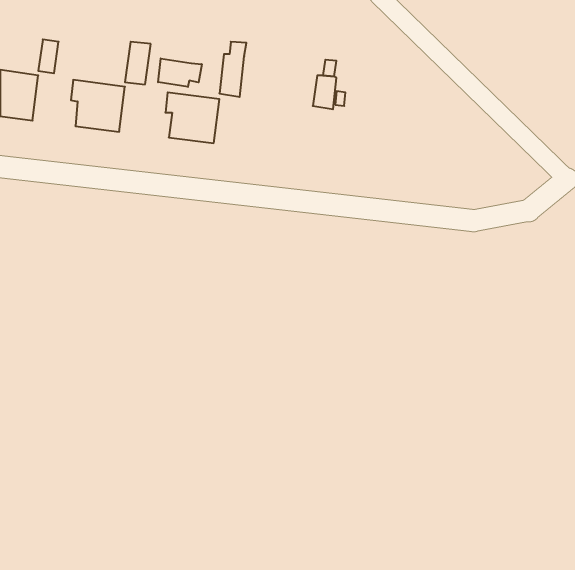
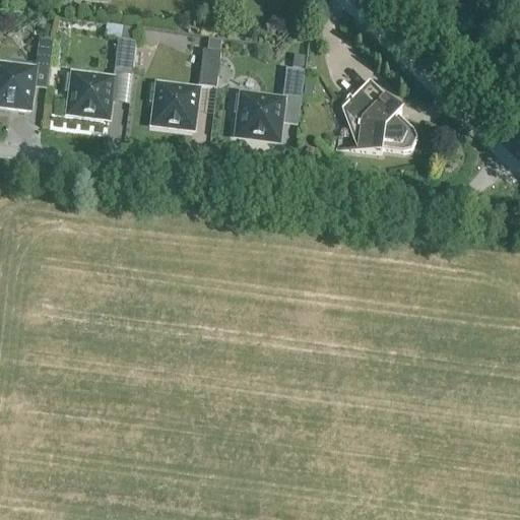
building: [158,58,202,87] -> none
building: none -> [337,80,417,153]
building: none -> [234,93,282,140]

